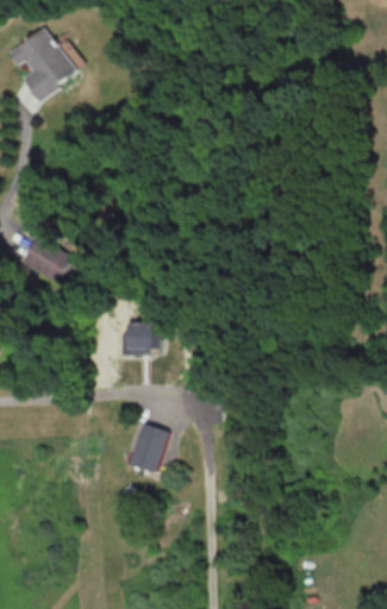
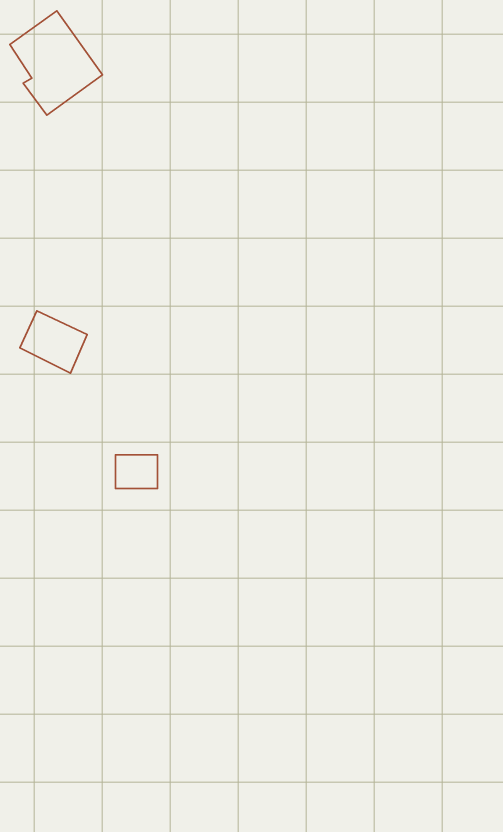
building: [131,325,161,349] -> [115,455,158,488]
building: [130,425,167,472] -> none

